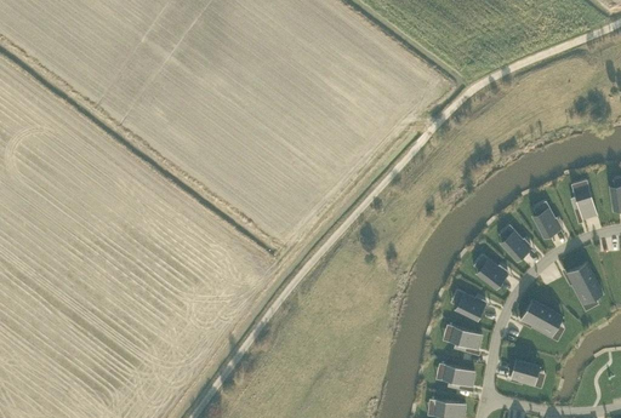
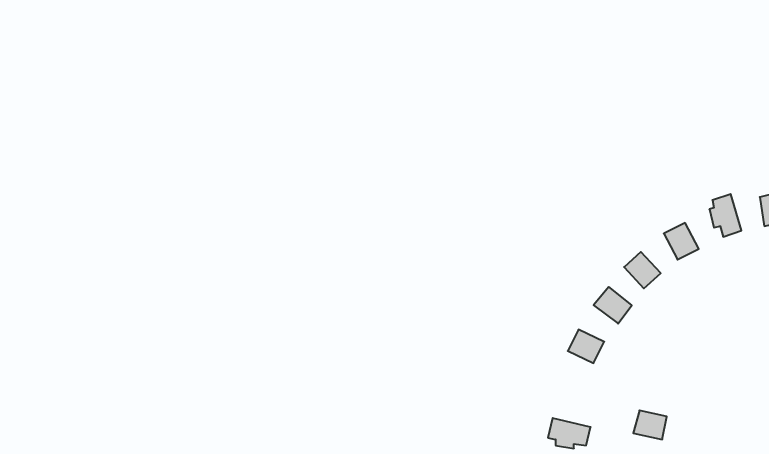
building: [569,260,603,300] -> none
building: [523,293,564,331] -> none
building: [446,327,480,353] -> none

